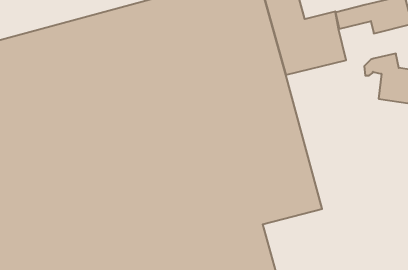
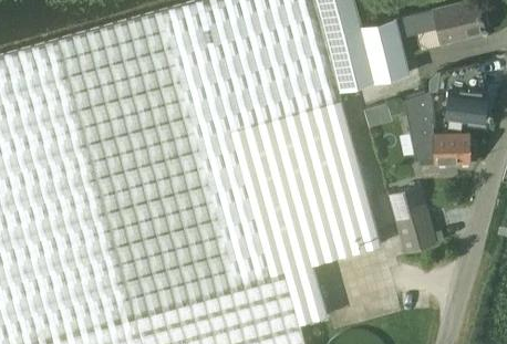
building: none -> [403,92,469,164]
building: none -> [387,186,437,254]

